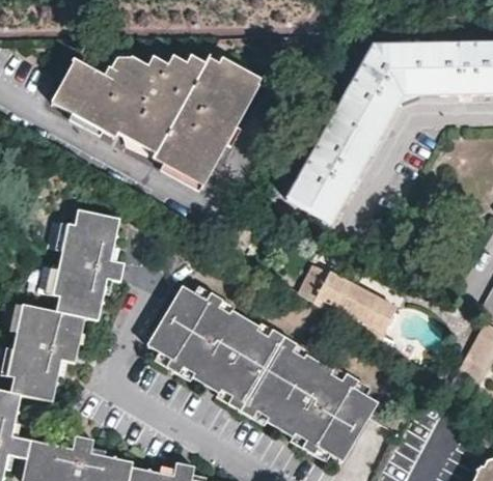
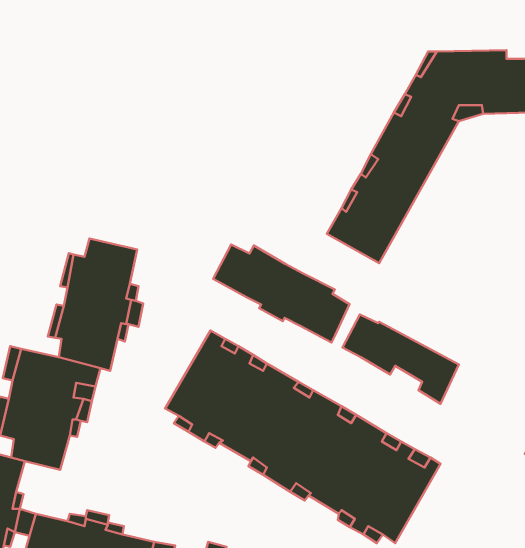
building: [48,55,253,189] -> none
building: none -> [213,244,349,342]

